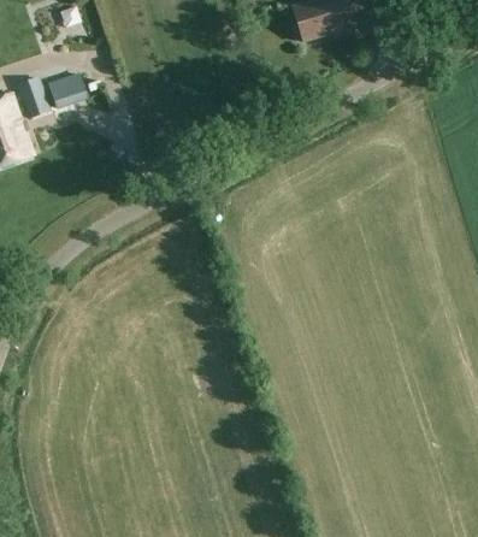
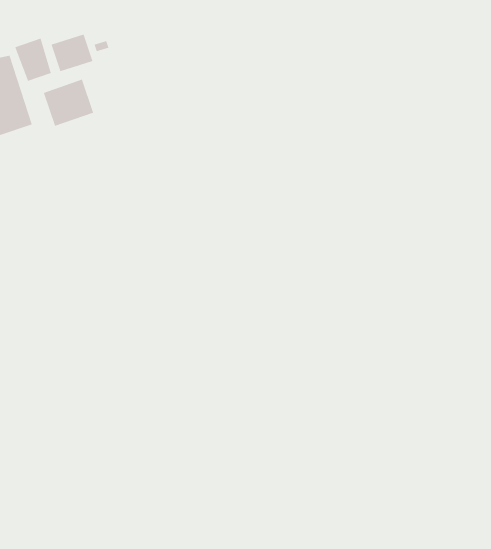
building: none -> [43,79,94,127]

